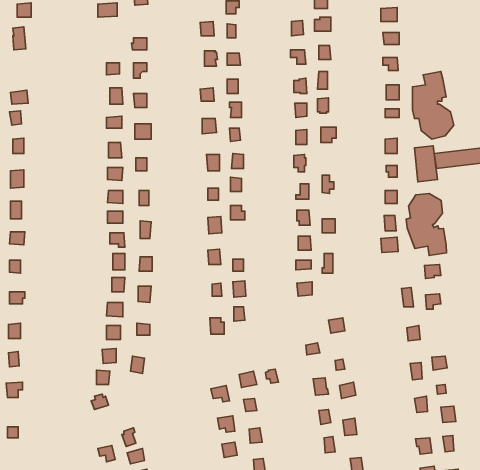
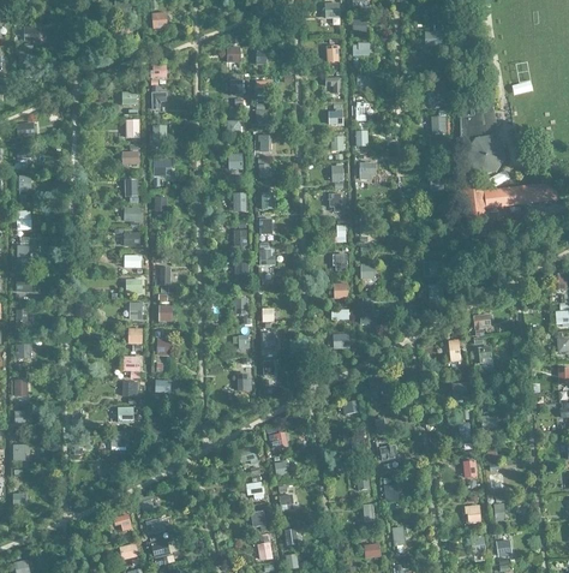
building: [406,193,447,256] -> none

